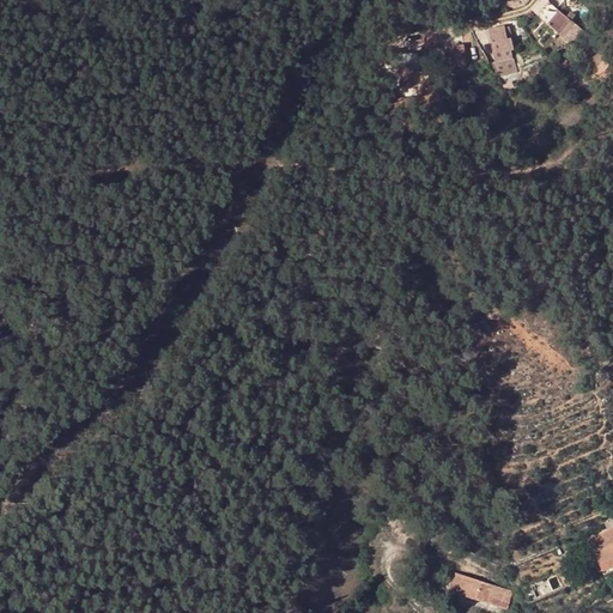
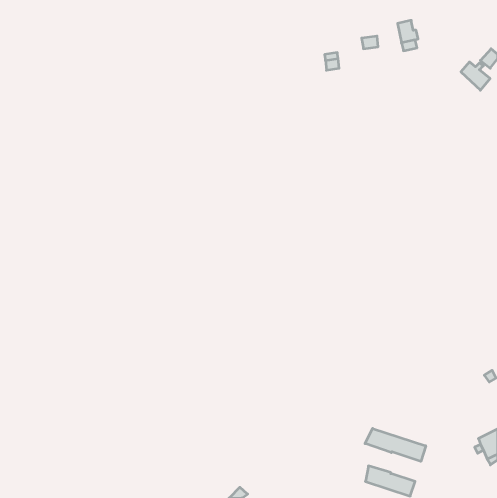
building: [548,11,584,45] -> [461,62,490,90]
building: none -> [365,428,426,461]

